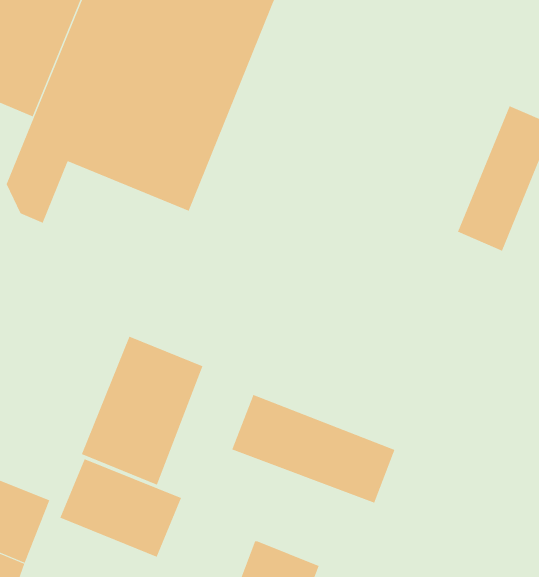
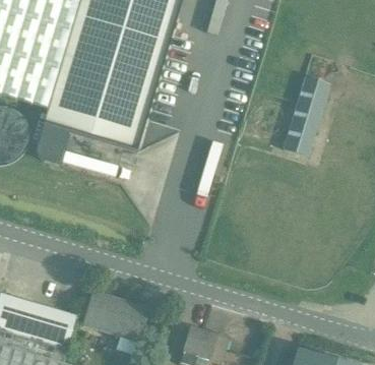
building: [81,336,203,485] -> none
building: [231,394,395,504] -> none

